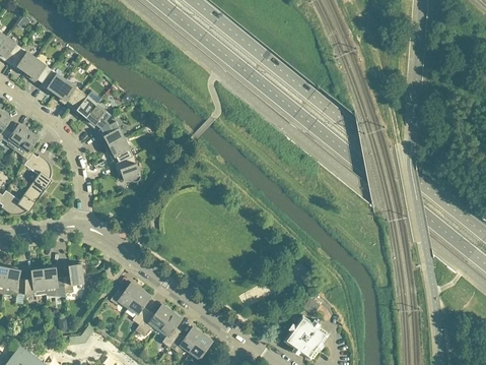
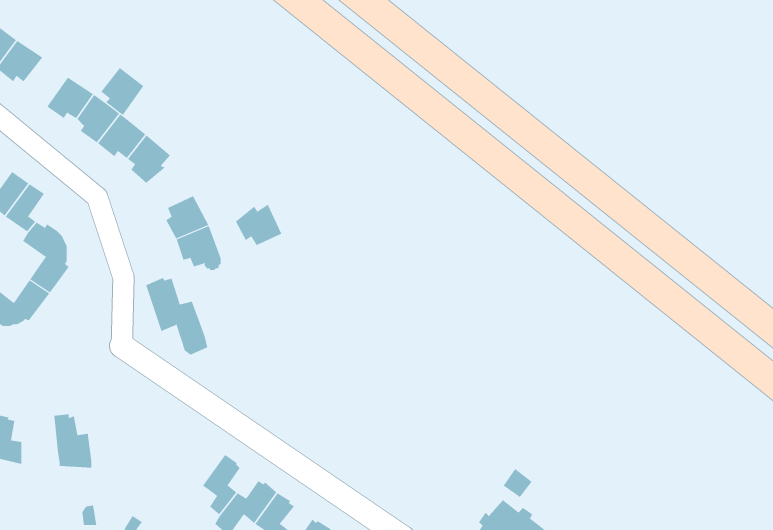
building: [25,58,51,86] -> [100,67,144,116]
building: [96,121,124,145] -> [235,204,282,246]
building: none -> [145,277,208,355]
building: [63,262,86,293] -> none
building: [24,266,46,295] -> none
building: [111,283,142,307] -> none

